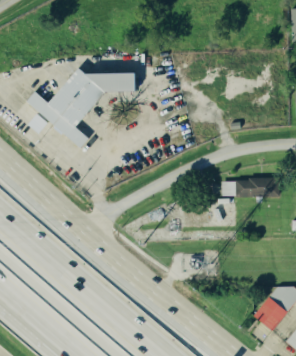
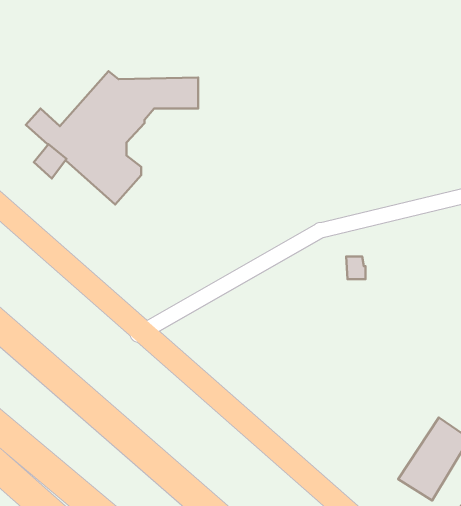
building: [237,178,279,198] -> none

